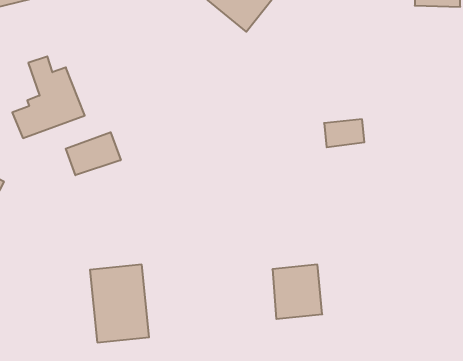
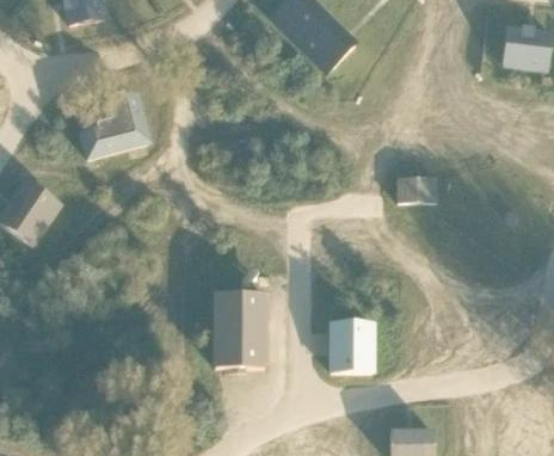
building: [66,132,121,175] -> none
building: [90,265,149,342] -> [213,292,266,368]

